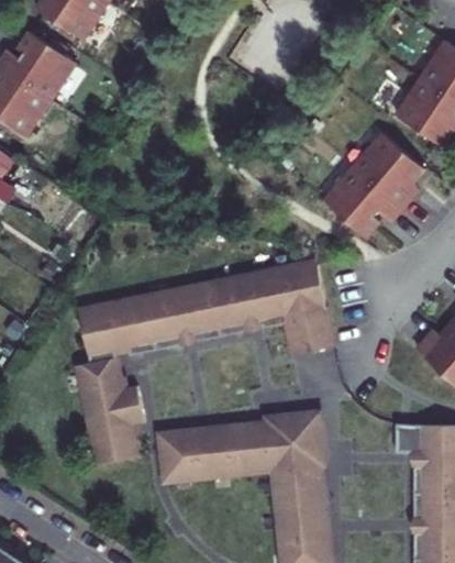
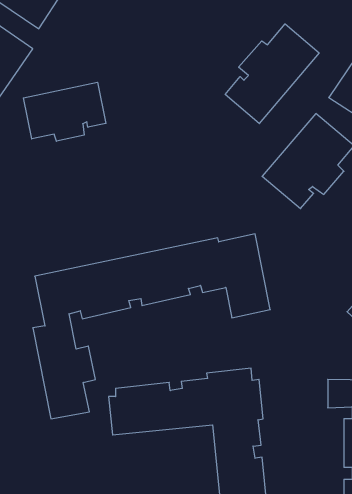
building: none -> [225,24,319,124]
building: none -> [23,82,106,141]

